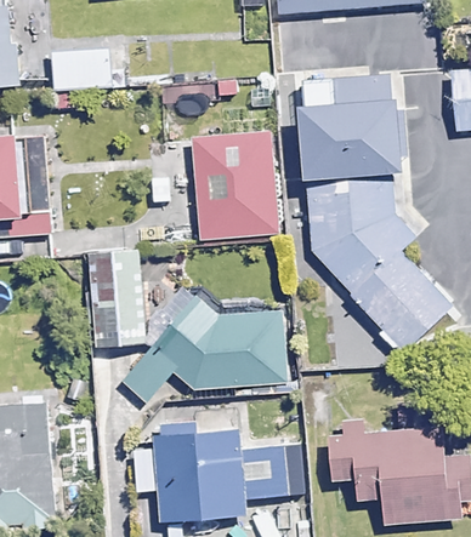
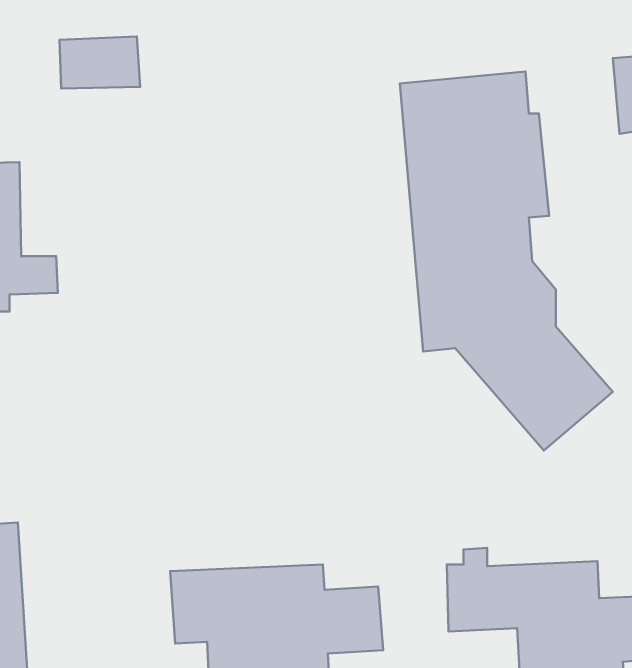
building: [191,128,282,232] -> none
building: [83,247,135,336] -> none
building: [120,295,284,400] -> none

